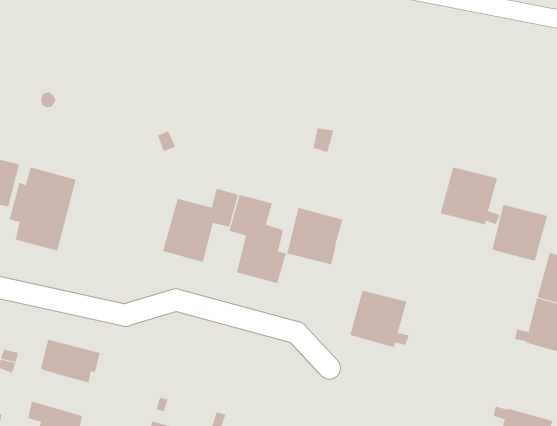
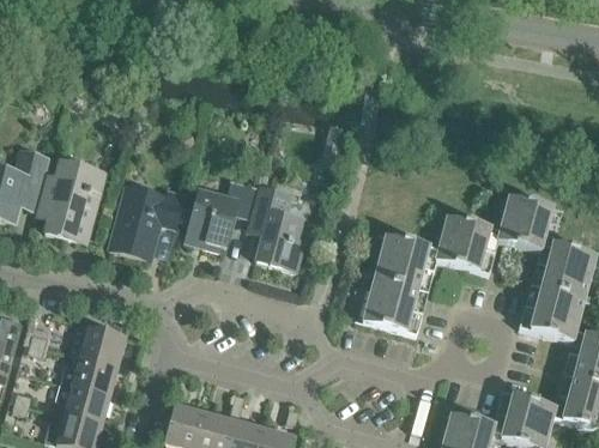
building: [440,167,500,225] -> [436,216,494,271]
building: none -> [108,186,181,260]
building: [287,207,343,265] -> [375,234,429,289]
building: none -> [60,357,115,398]

